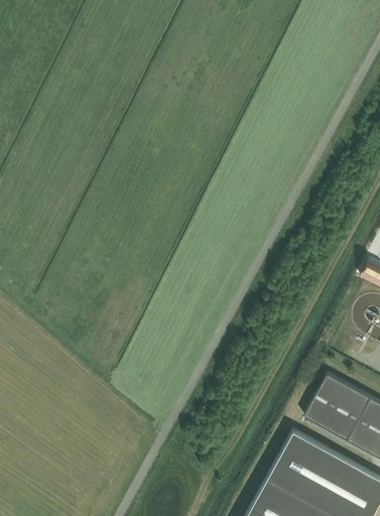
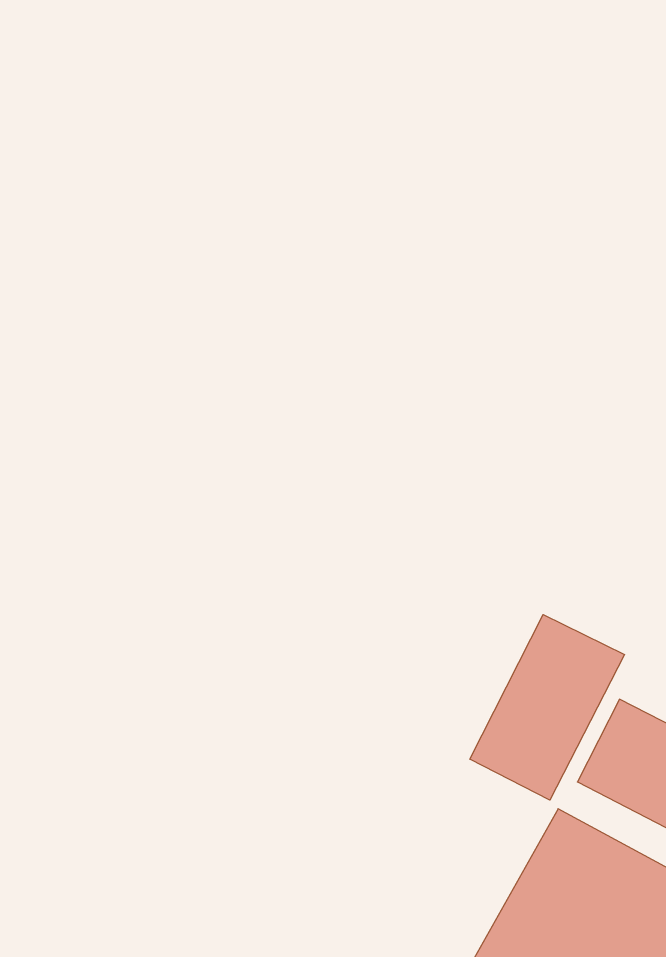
building: none -> [470,615,625,800]

